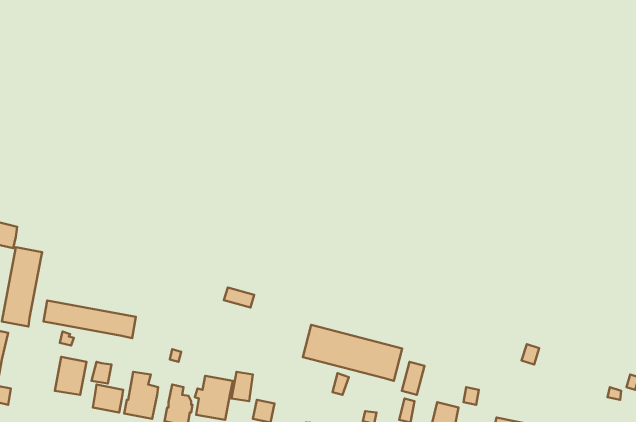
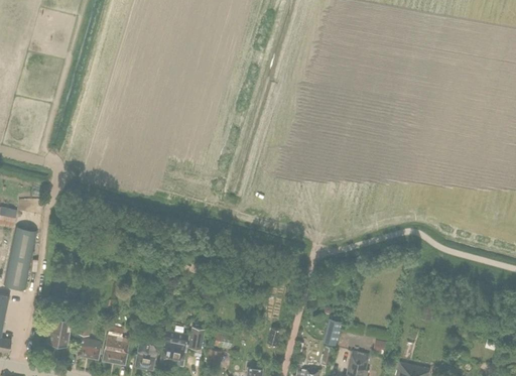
building: [44,300,136,338] -> none
building: [303,325,402,381] -> none

